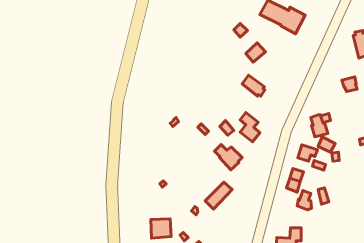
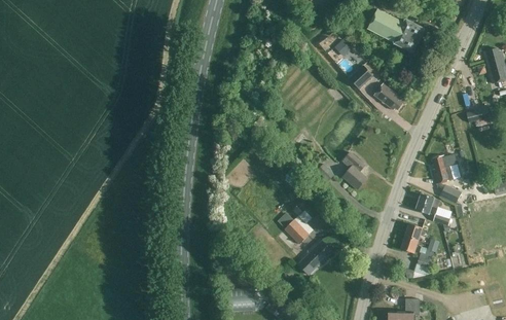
building: [242,75,265,96] -> [374,83,403,110]
building: [215,145,242,170] -> [279,212,314,244]

